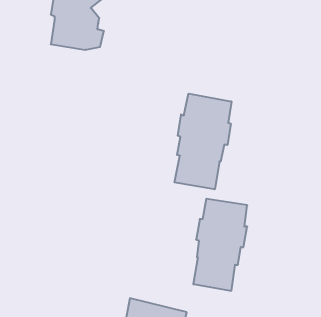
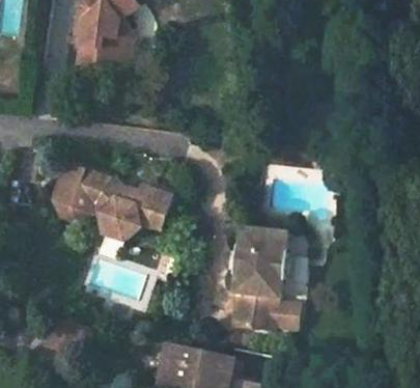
building: [175,94,231,189] -> none
building: none -> [53,160,172,238]

